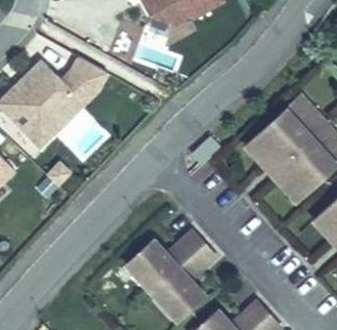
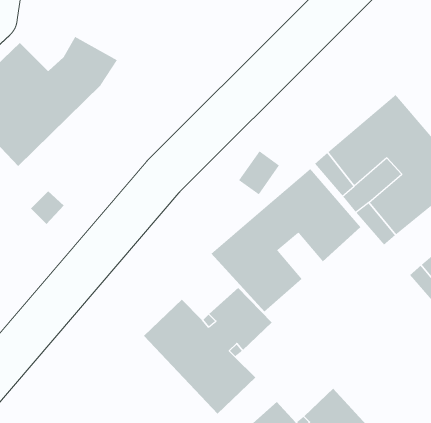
building: none -> [210,168,361,313]

